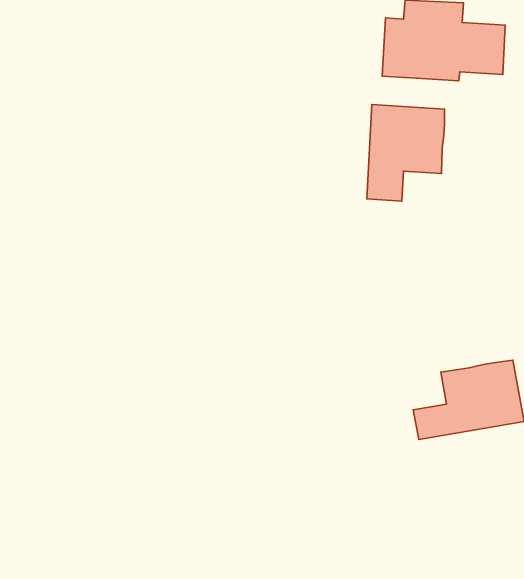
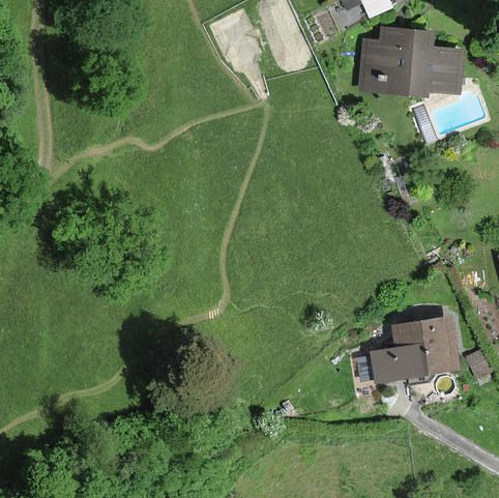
building: [367,104,445,201] -> none

